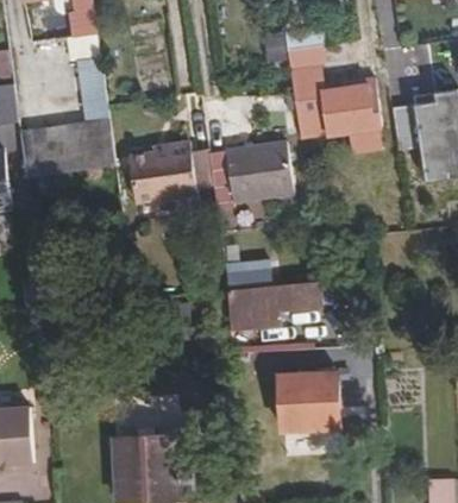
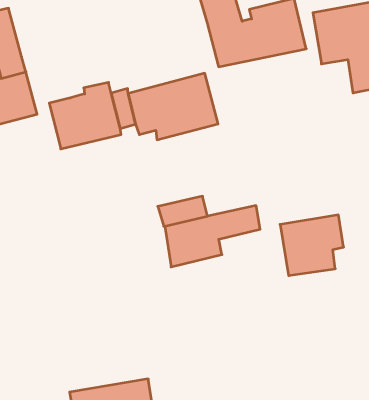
building: [278,373,338,427] -> [280,215,344,276]

